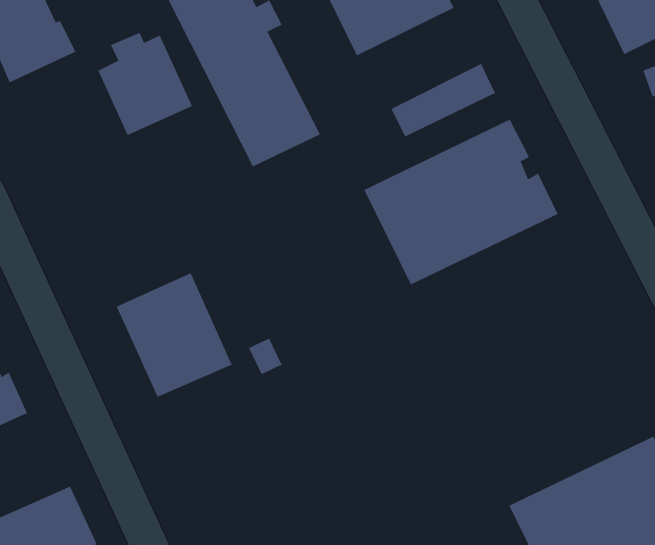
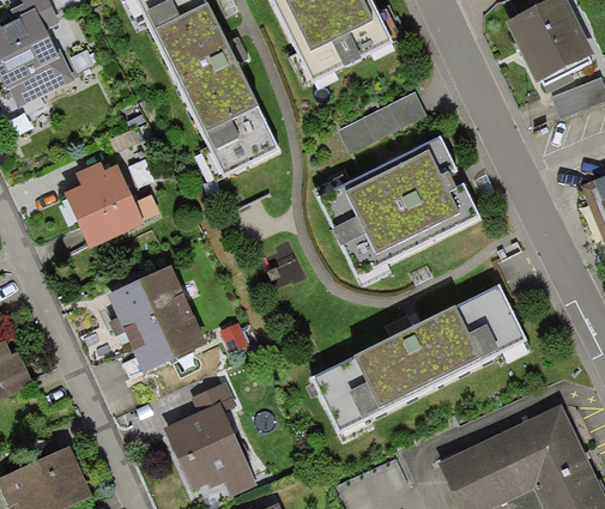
building: [97,32,193,136] -> [65,162,145,249]
building: none -> [310,284,528,435]
building: none -> [164,380,252,489]

